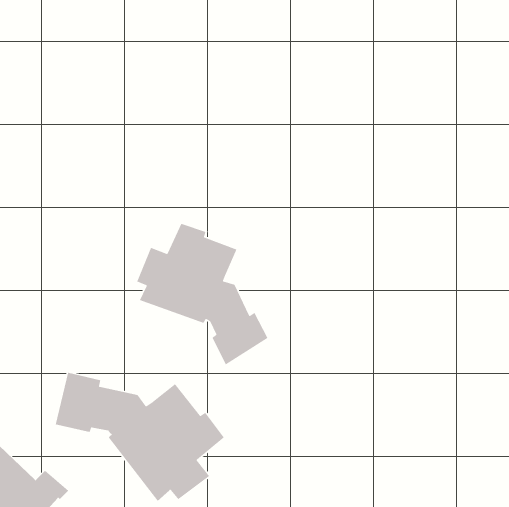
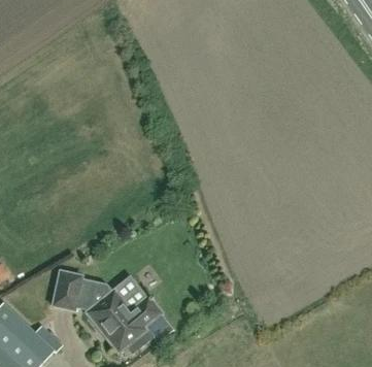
building: [136,223,268,365] -> none

